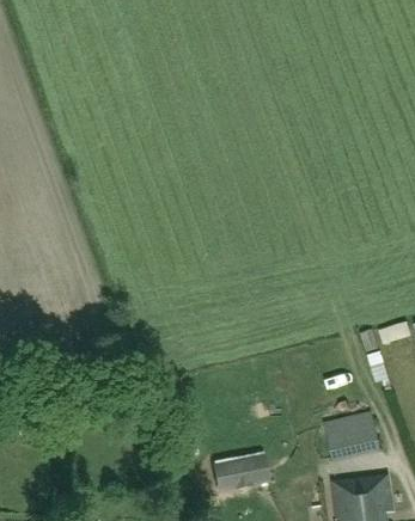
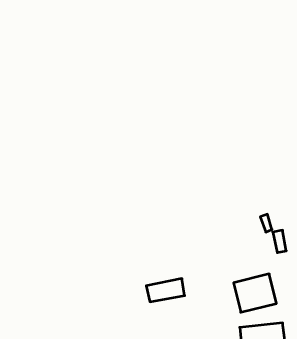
building: [214,458,266,489] -> [146,279,185,302]

